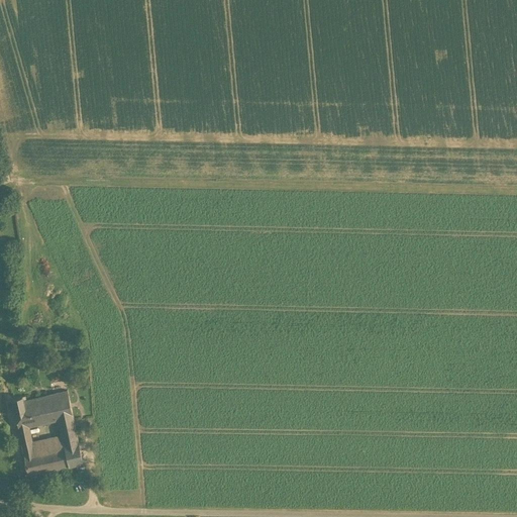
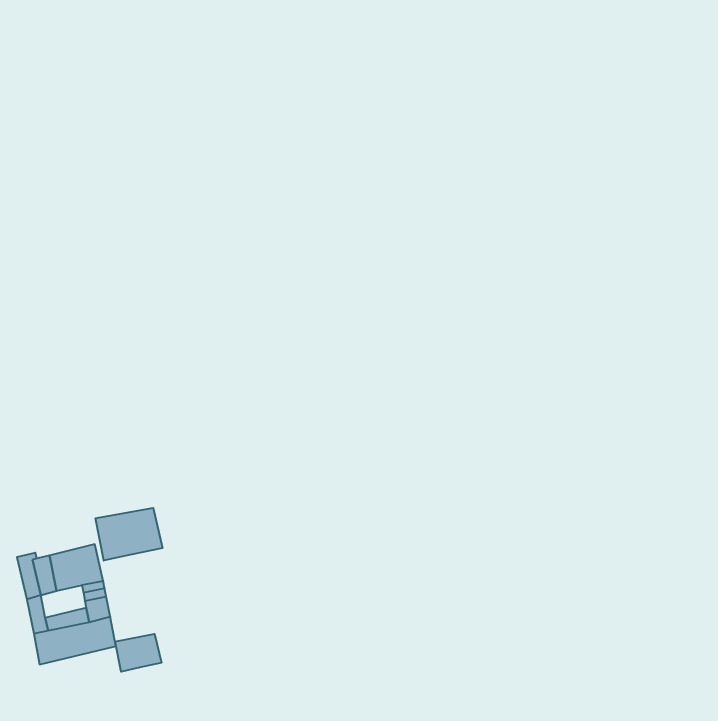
building: none -> [96,508,162,561]
building: none -> [115,634,161,672]

